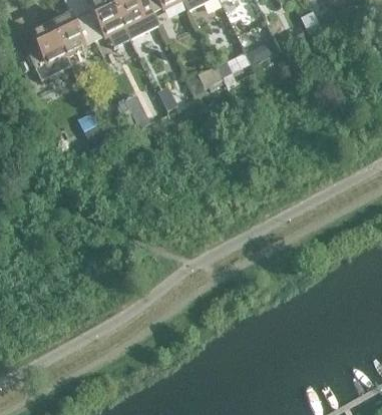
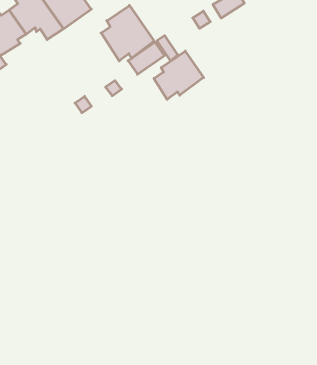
building: none -> [101,5,154,61]
building: none -> [154,51,204,99]

